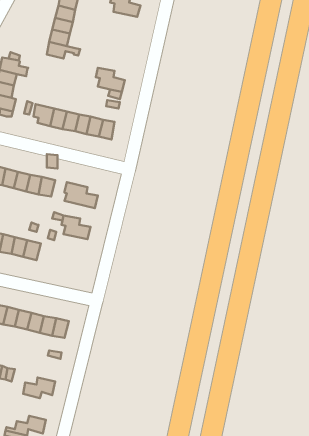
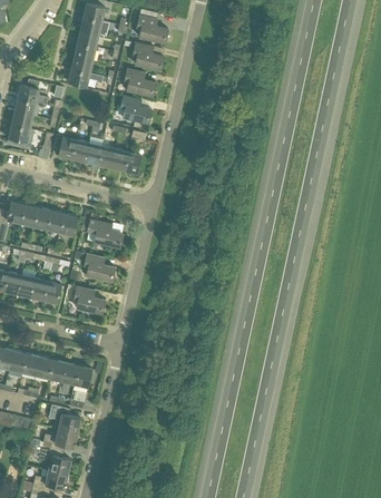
building: none -> [133,43,164,69]
building: none -> [124,69,155,96]
building: none -> [74,287,105,313]
building: none -> [49,406,80,433]
building: none -> [39,447,70,475]

